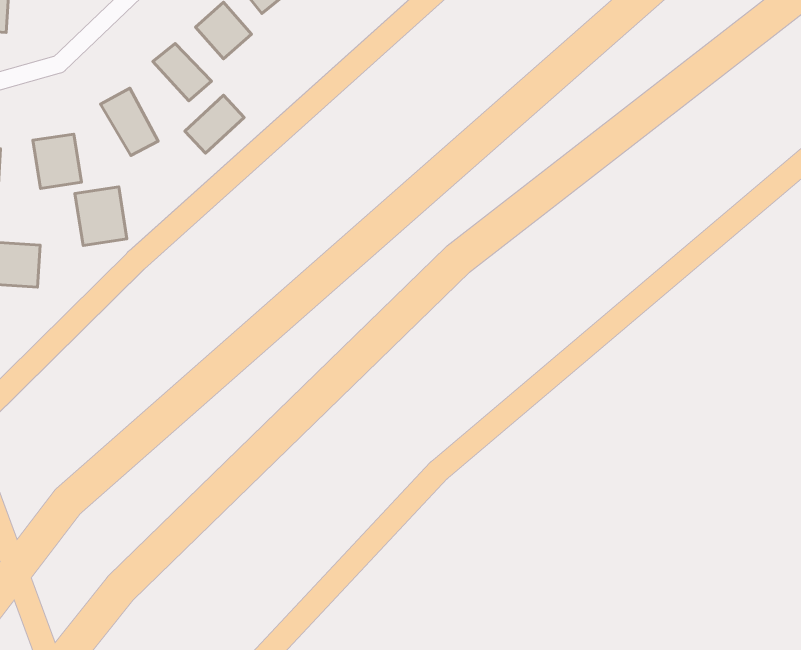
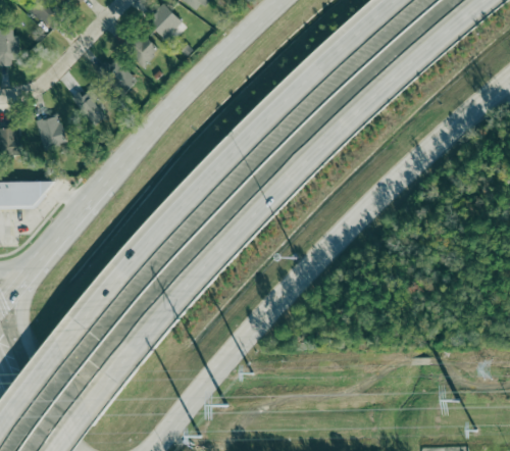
building: [185,95,244,153] -> none
building: [75,187,127,246] -> none

